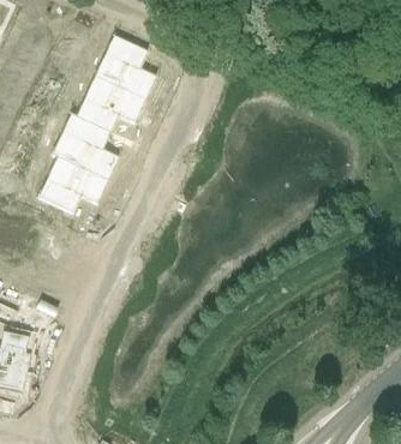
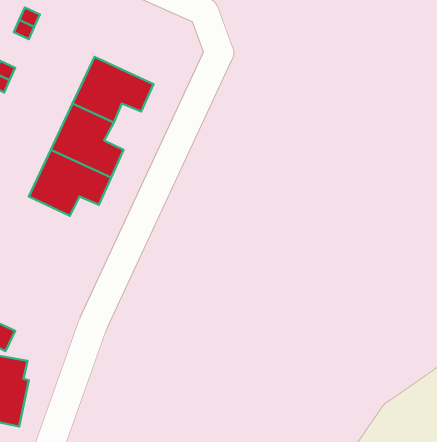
building: [94,32,156,97] -> none

